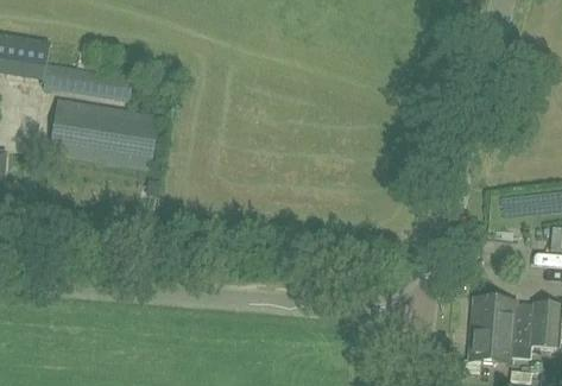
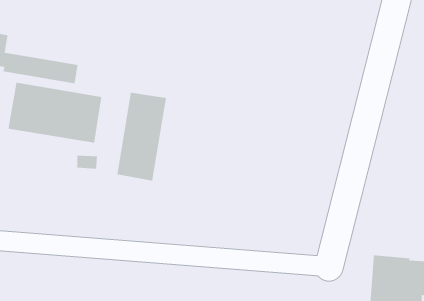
building: none -> [117,92,167,182]

